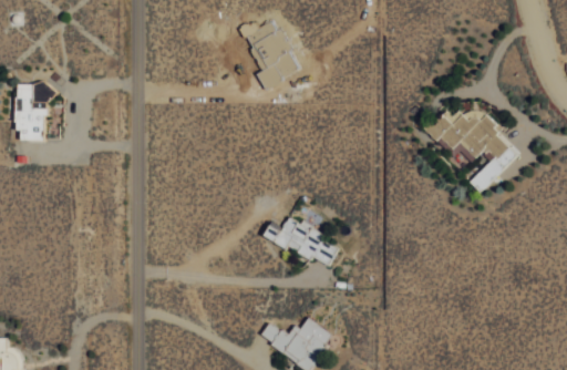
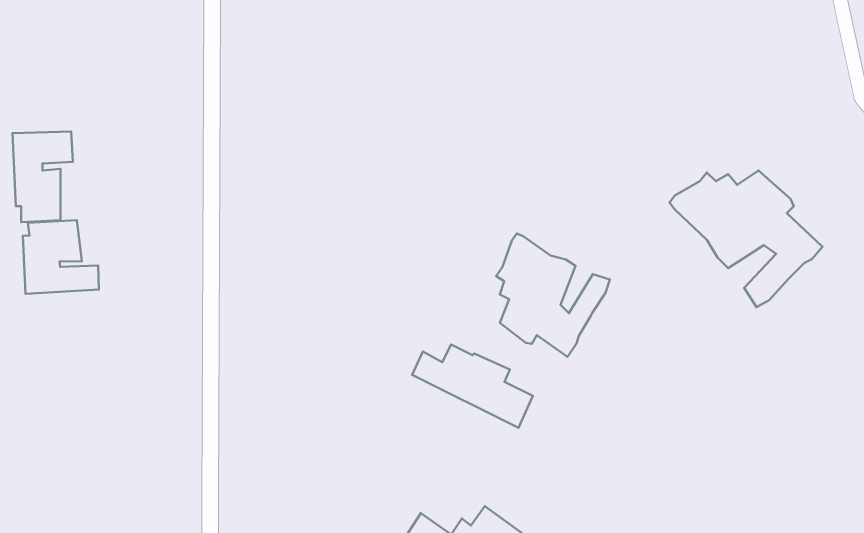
building: none -> [23,220,99,294]
building: none -> [496,233,610,357]

